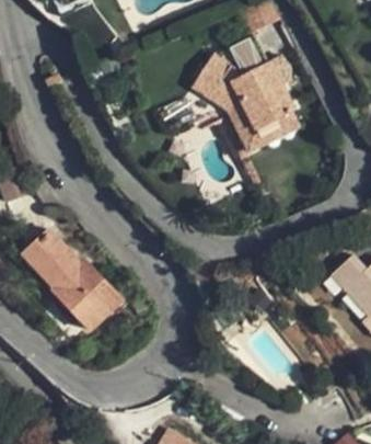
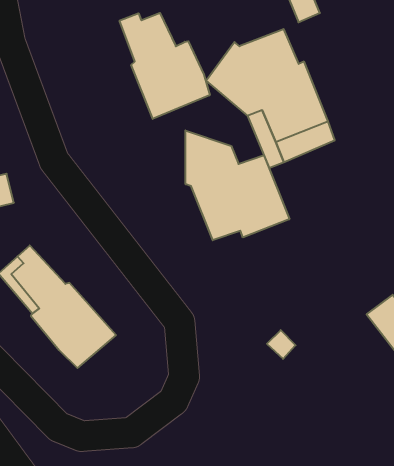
building: none -> [120,13,210,119]
building: none -> [185,130,289,240]

